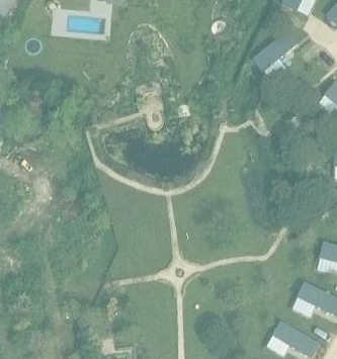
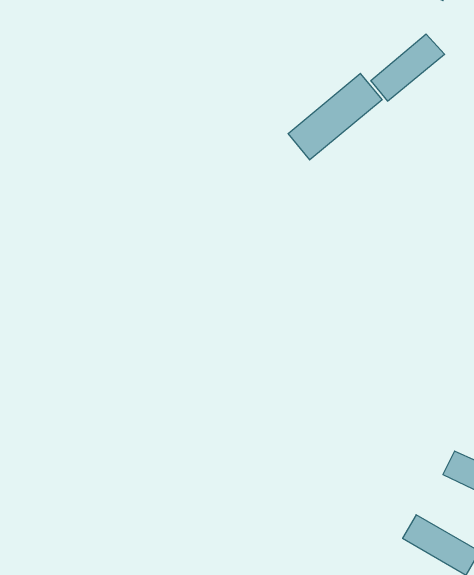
building: none -> [288,73,382,160]

